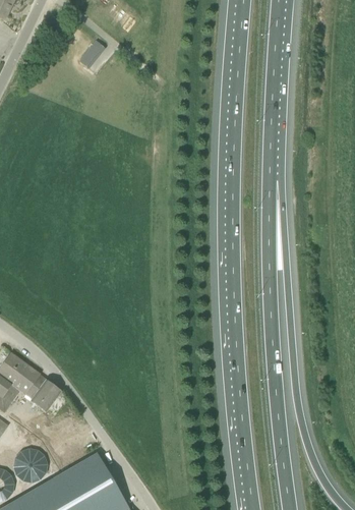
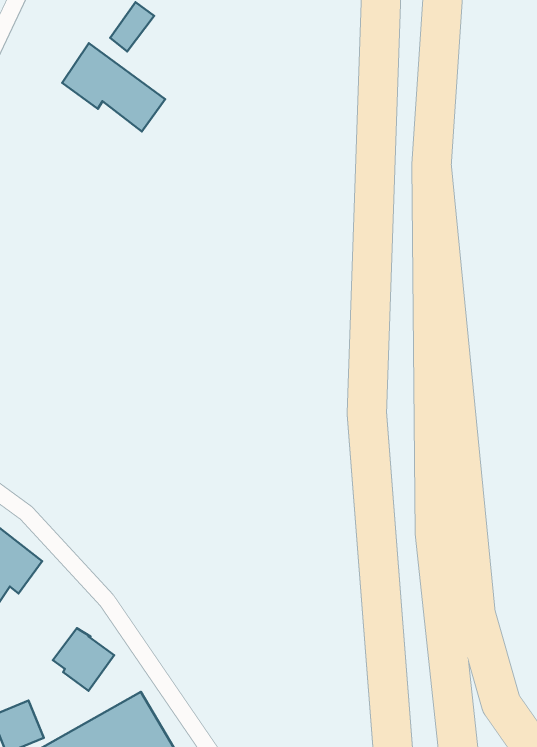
building: none -> [62,43,165,131]
building: [24,375,61,412] -> [53,628,114,691]

